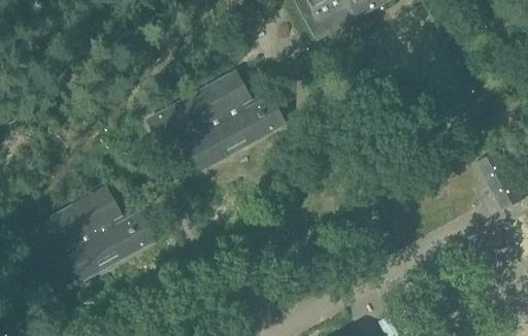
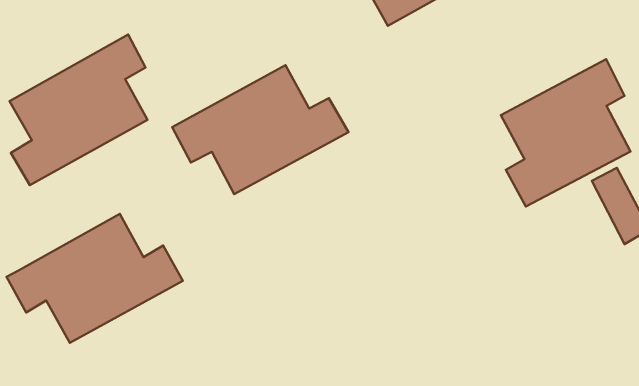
building: none -> [9,35,148,185]
building: none -> [501,59,631,206]

